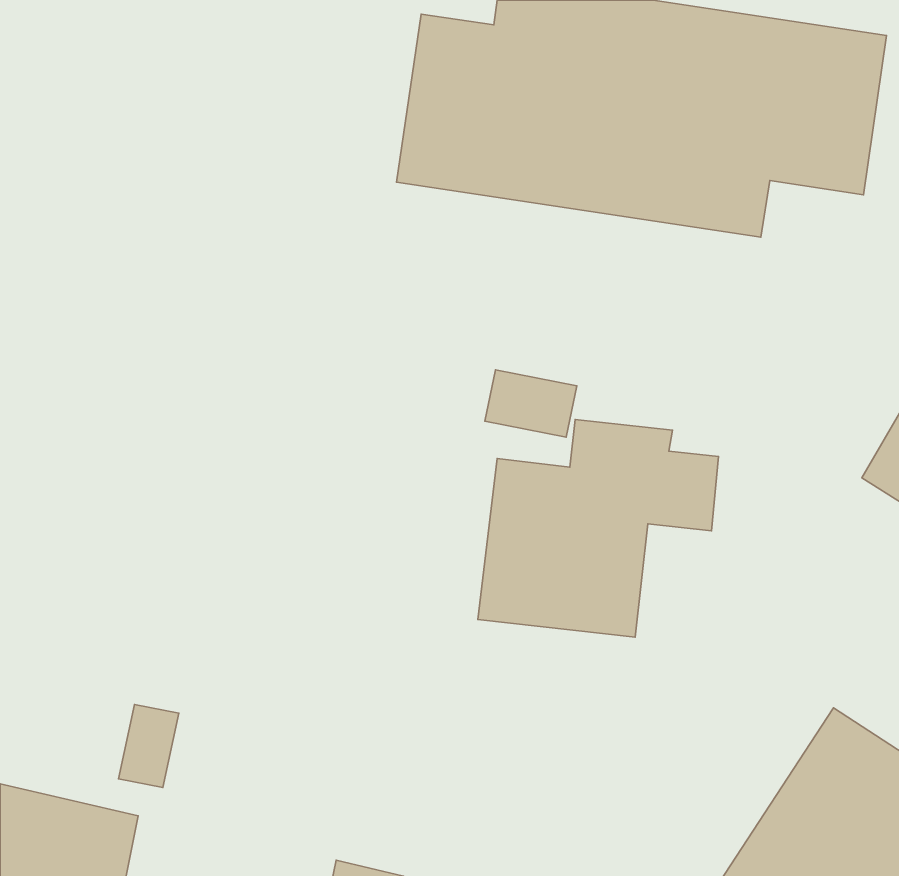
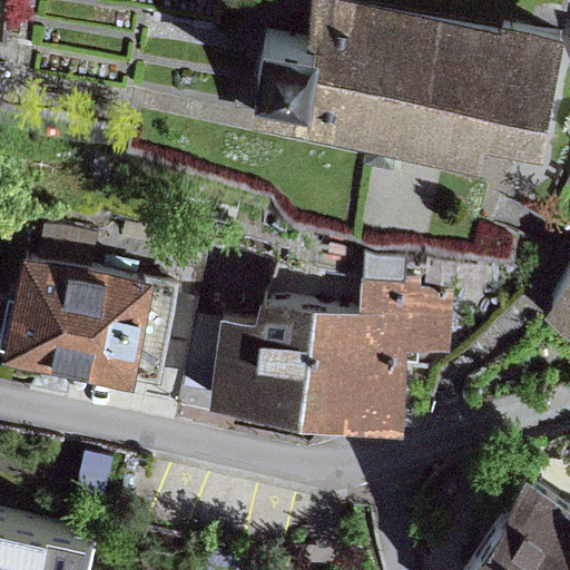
building: none -> [8,232,188,377]
building: none -> [214,301,316,407]

